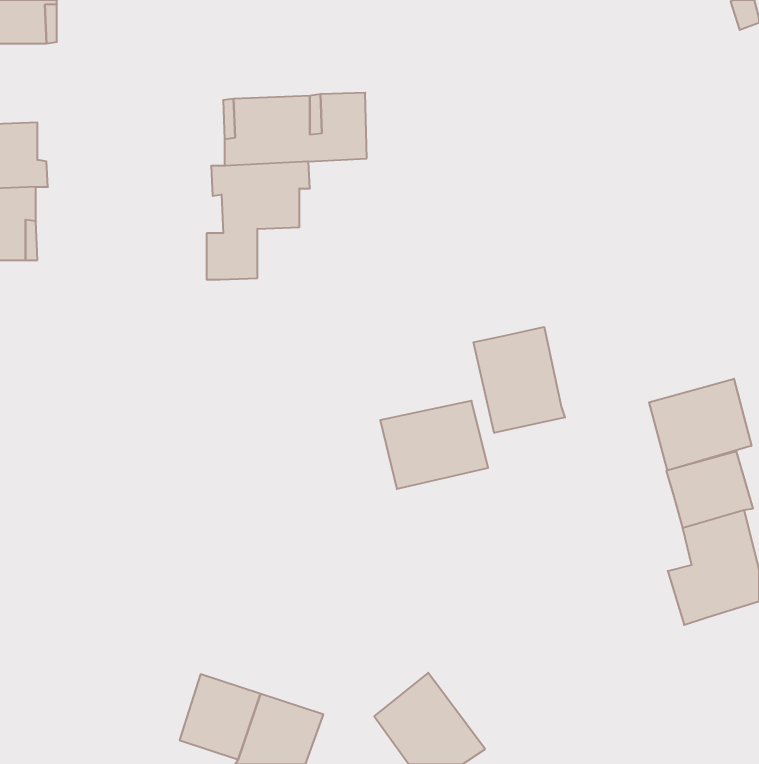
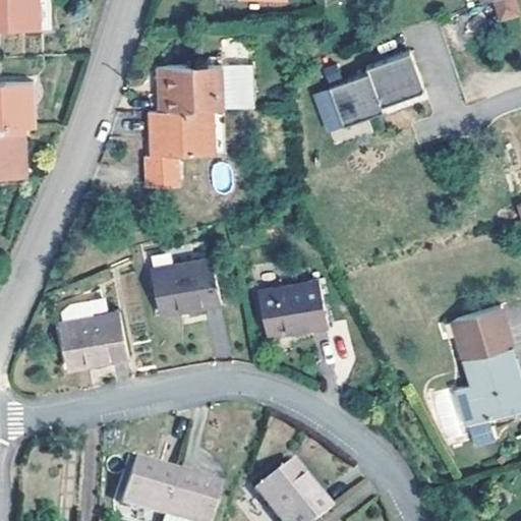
building: none -> [329,55,425,130]
building: [473,327,565,433] -> none
building: none -> [154,254,223,313]
building: [649,379,751,471] -> none
building: none -> [60,286,130,367]

